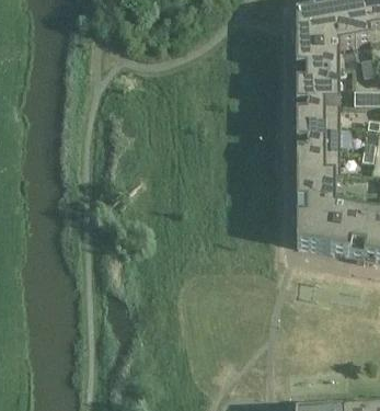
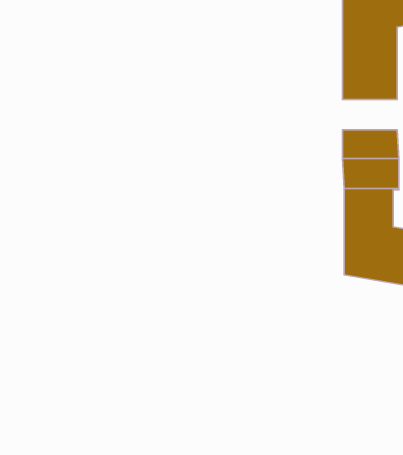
building: [297,99,341,123] -> none

